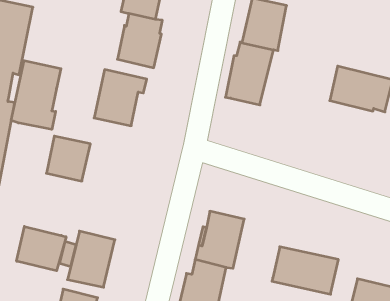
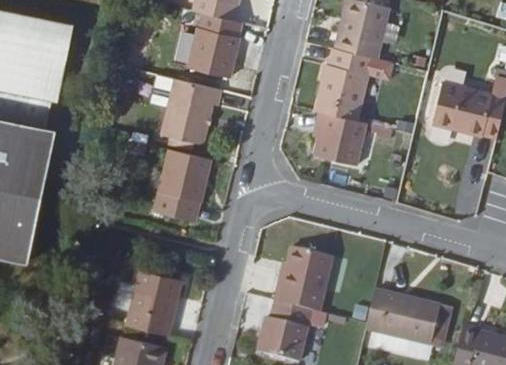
building: [11,61,61,129] -> none
building: none -> [309,117,360,170]
building: [46,136,90,181] -> [156,156,207,208]
building: [17,226,66,271] -> none

